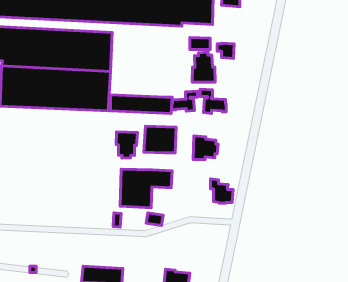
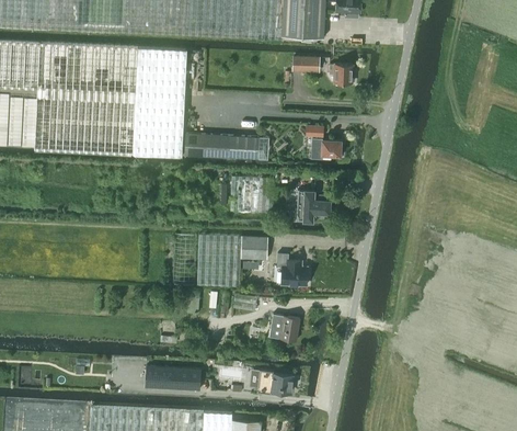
building: [192,52,215,82] -> none
building: [172,91,198,111] -> none
building: [116,132,137,158] -> none
building: [210,179,233,203] -> [276,252,307,285]
building: none -> [268,314,299,340]

